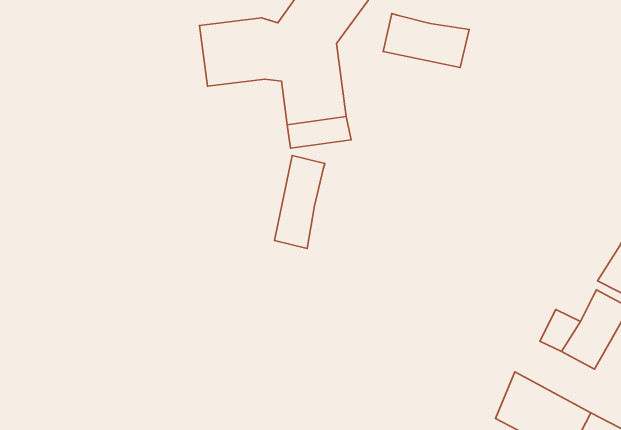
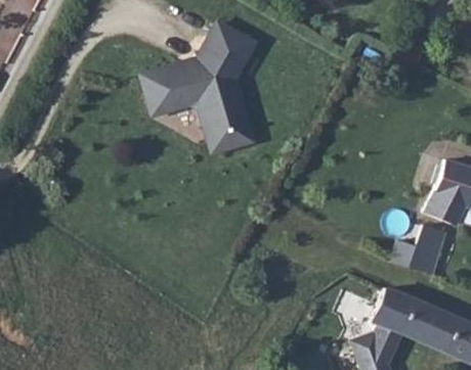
building: [383,14,469,67] -> none
building: [274,155,325,248] -> none

